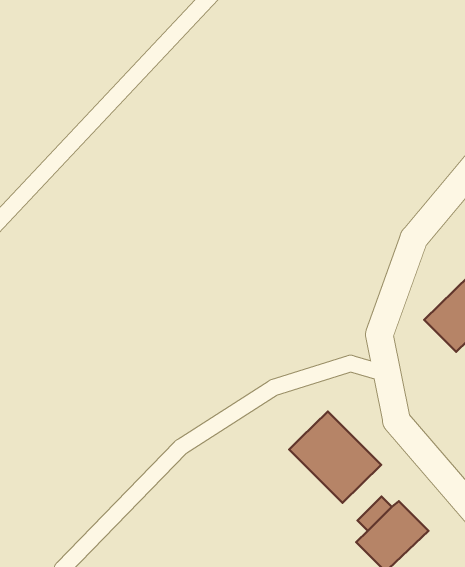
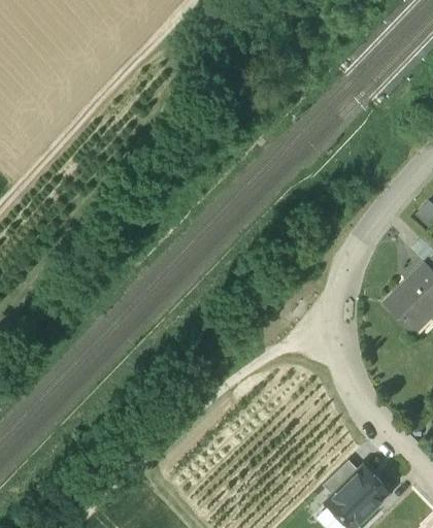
building: [289,412,381,503] -> none

